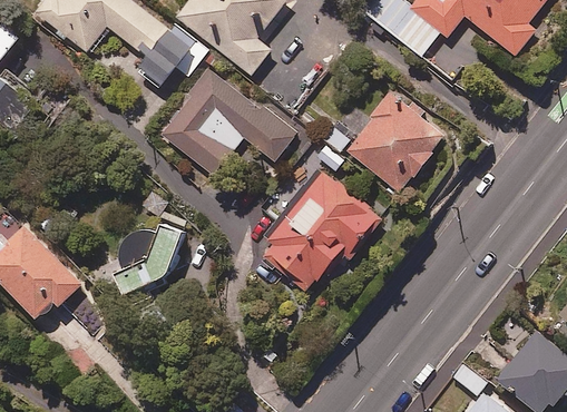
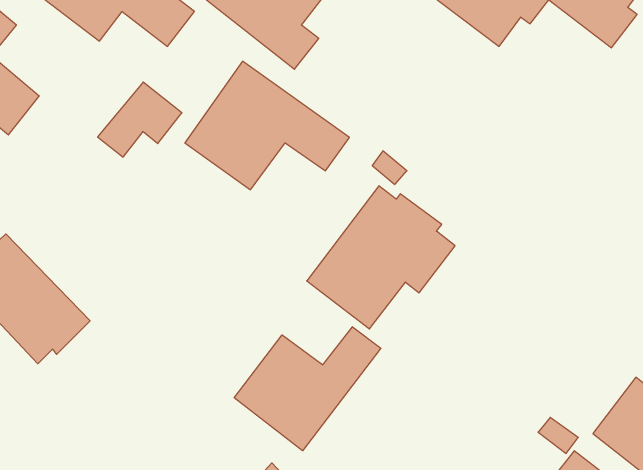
building: [137,26,207,88] -> [98,82,182,157]
building: [343,84,443,194] -> none
building: [116,225,182,296] -> none
building: none -> [234,327,381,451]

